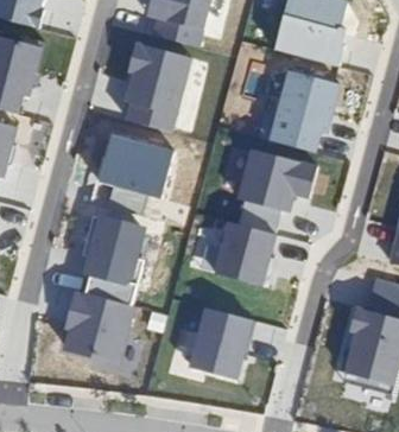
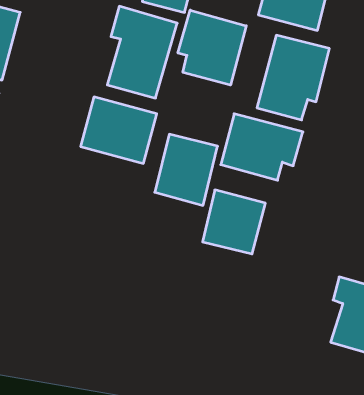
building: none -> [178,10,246,85]
building: [83,214,145,284] -> [155,134,218,205]
building: [64,292,135,363] -> none
building: [189,307,254,382] -> none

